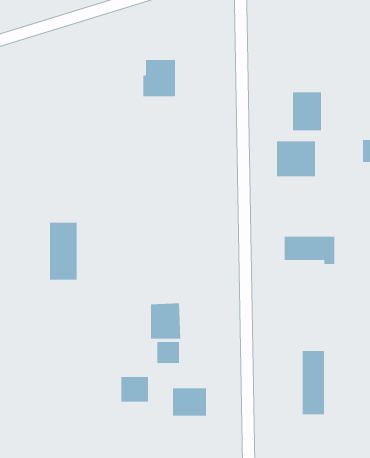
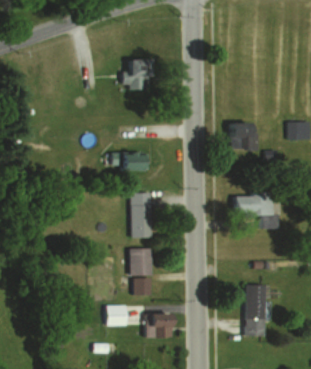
building: [293,91,321,131] -> none
building: none -> [110,153,142,169]
building: [49,222,77,280] -> [131,193,153,238]

